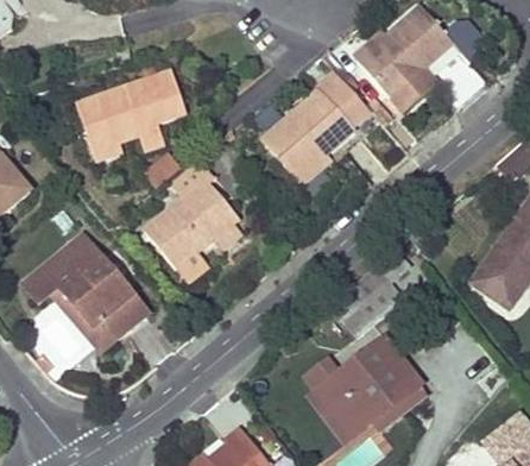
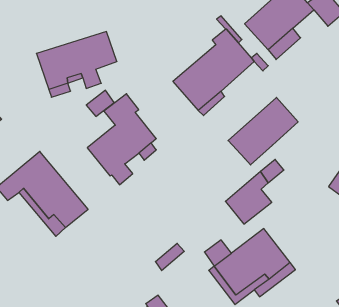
building: none -> [228,97,298,165]

